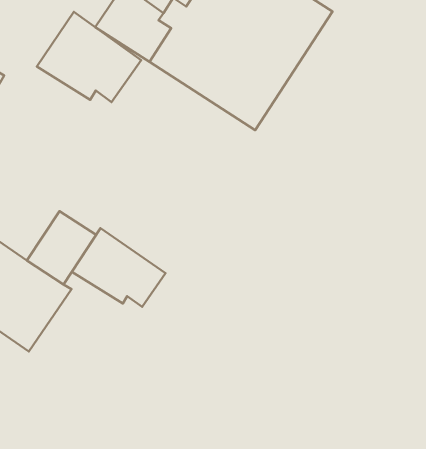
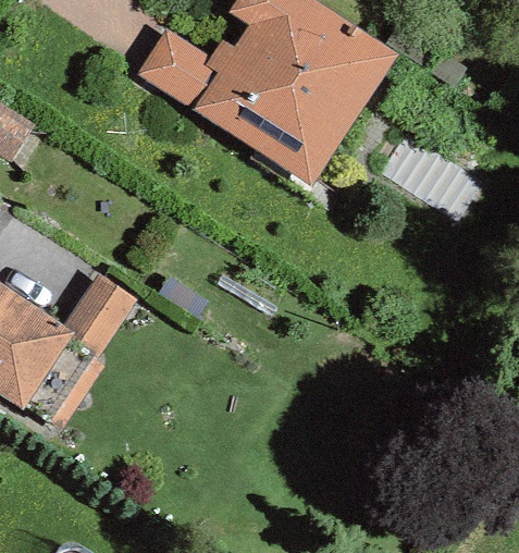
building: [37,12,141,102] -> none
building: [72,228,166,307] -> none

